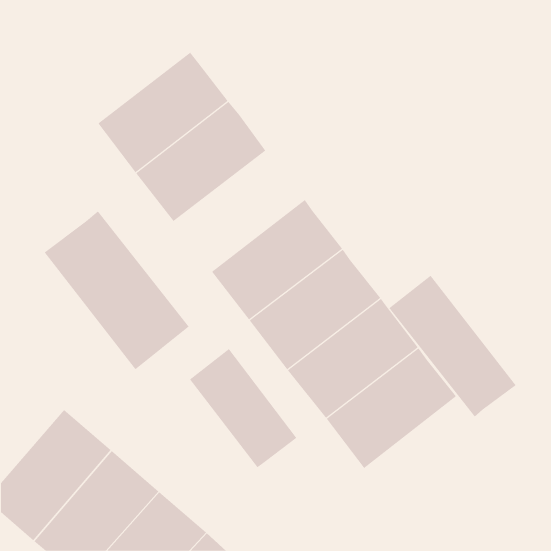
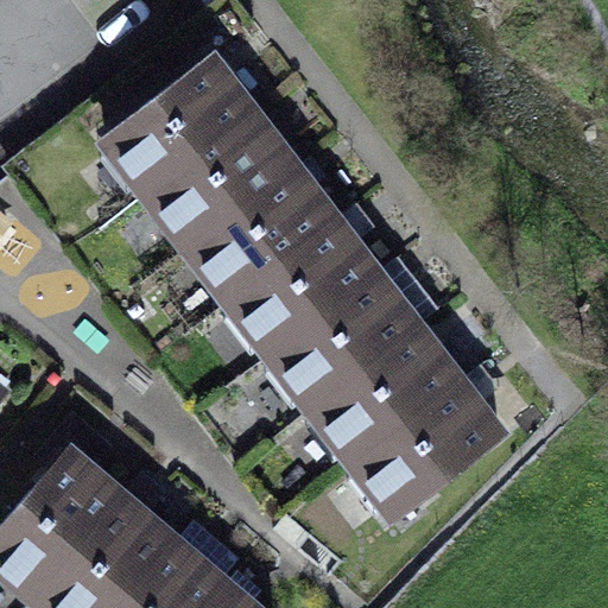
building: none -> [192,165,337,298]
building: [44,210,190,370] -> none
building: [388,275,517,418] -> none
building: [189,348,297,468] -> none

